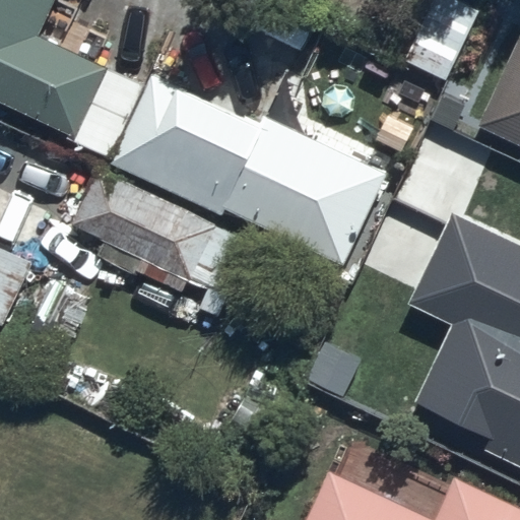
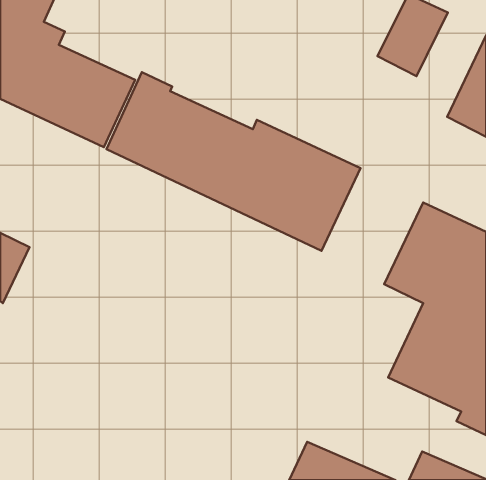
building: [69,170,265,316] -> none

